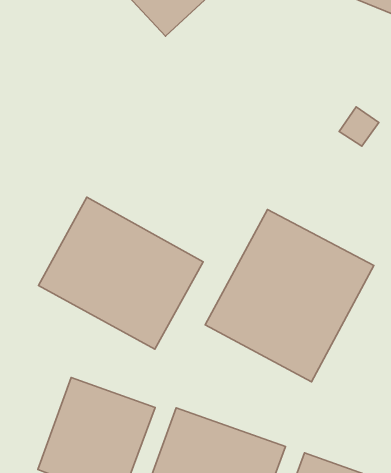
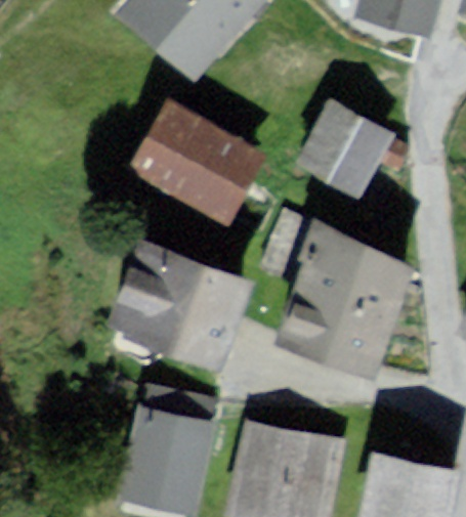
building: none -> [132,102,271,226]
building: none -> [280,89,373,185]

